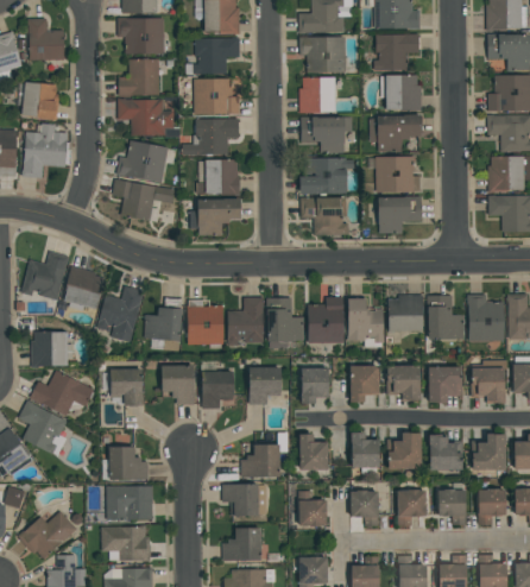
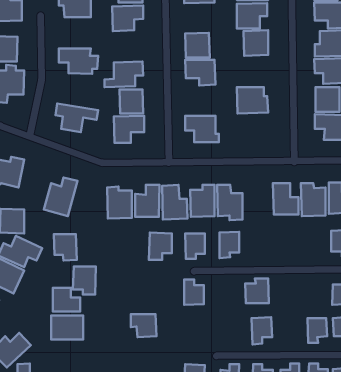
building: [301,37,346,74] -> none
building: [119,58,160,96] -> none
building: [194,77,240,115] -> none
building: [371,114,422,152] -> none
building: [118,140,169,184] -> none
building: [299,158,347,195] -> none
building: [379,197,422,233] -> none
building: [64,267,105,309] -> none
building: [389,296,423,332] -> none
building: [145,308,182,340] -> none
building: [162,365,195,405] -> [73,267,96,295]
building: [387,366,421,398] -> none
building: [428,366,462,403] -> none
building: [472,367,505,403] -> none
building: [202,371,234,409] -> none
building: [351,431,380,468] -> none
building: [472,434,506,471] -> none
building: [429,435,463,471] -> none
building: [241,443,280,478] -> none
building: [438,488,466,525] -> none
building: [298,491,328,529] -> none
building: [351,491,379,529] -> none
building: [101,526,150,561] -> none
building: [223,528,261,561] -> none

